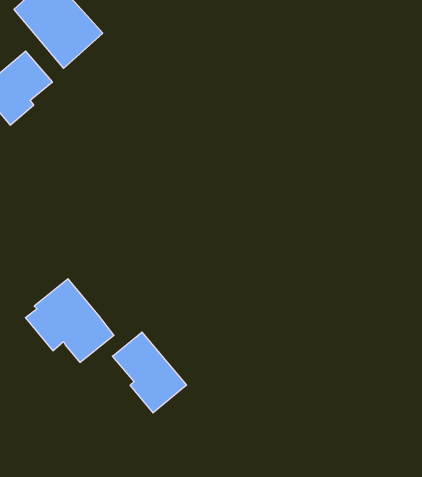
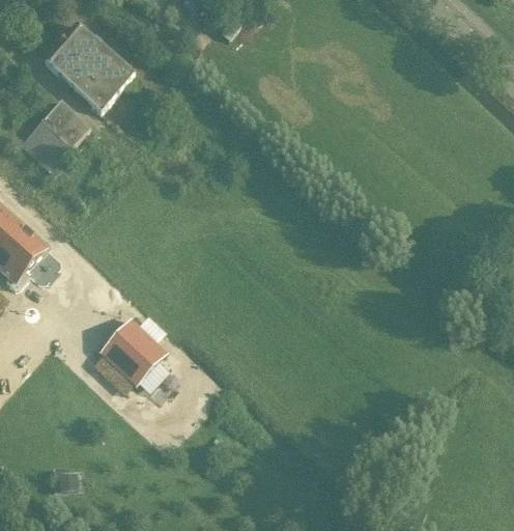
building: [112,332,187,413] -> none

